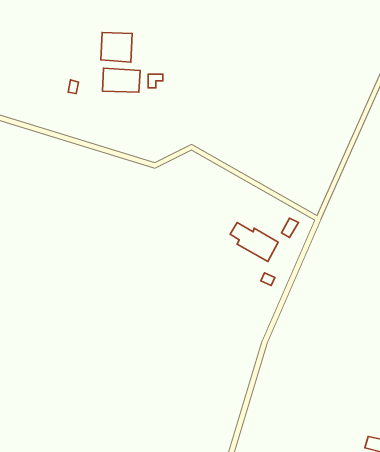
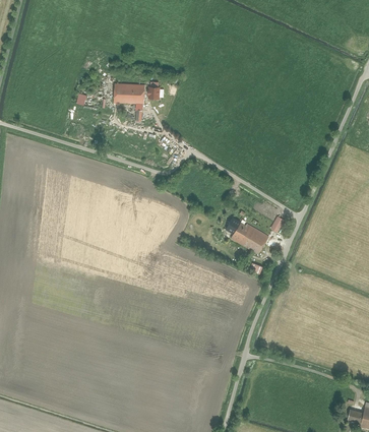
building: [101,33,132,62] -> none

